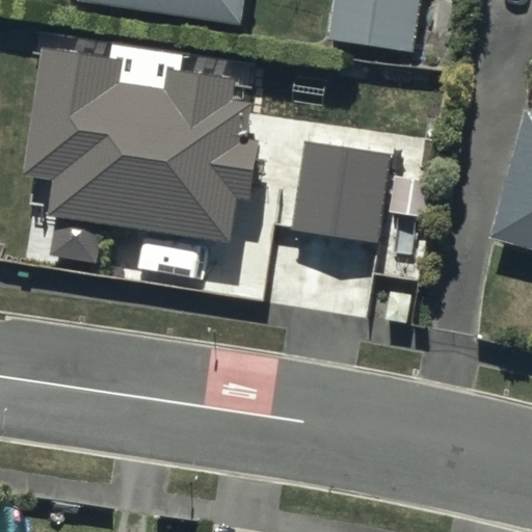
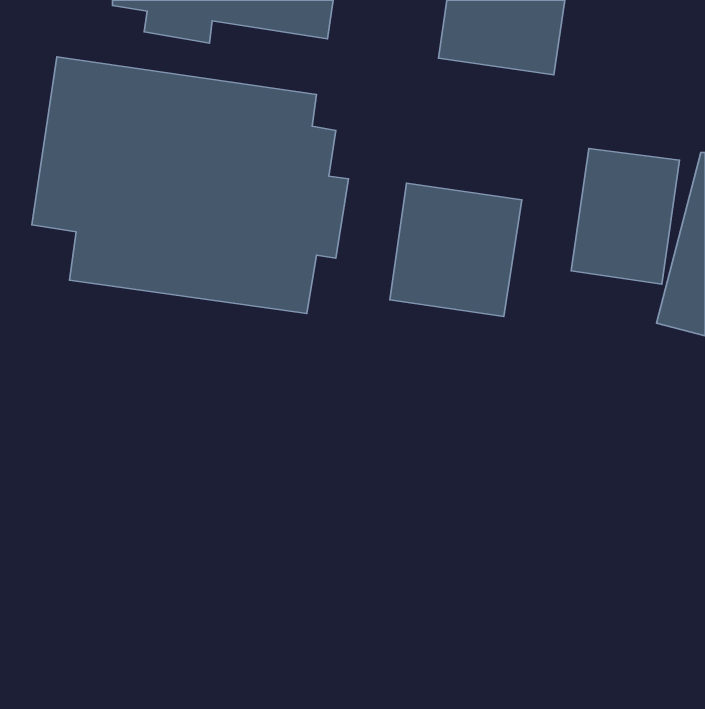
building: none -> [571,148,680,284]

